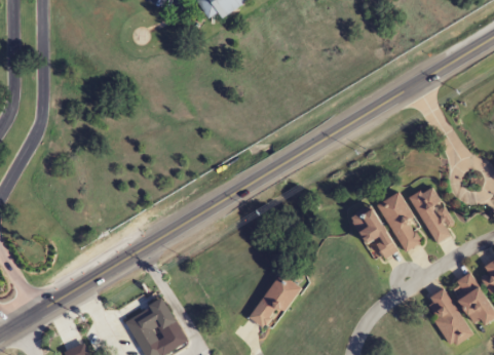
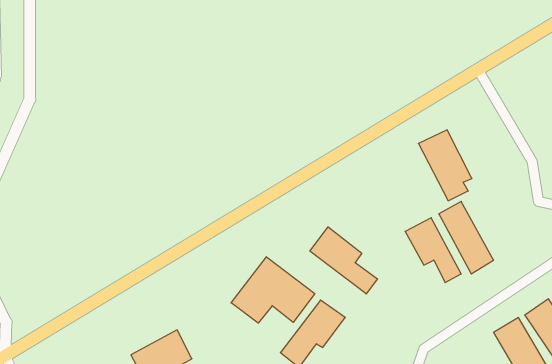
building: [410,186,454,244] -> [418,130,472,201]
building: none -> [310,227,378,294]
building: none -> [231,257,315,323]

